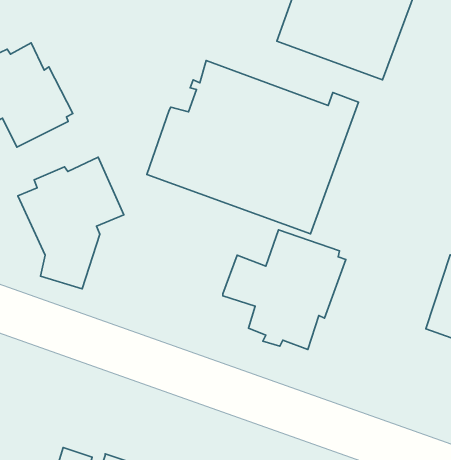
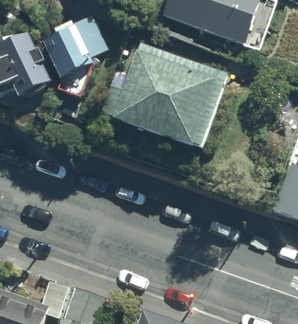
building: [18,157,124,289] -> [41,15,107,97]
building: [223,230,346,350] -> none

